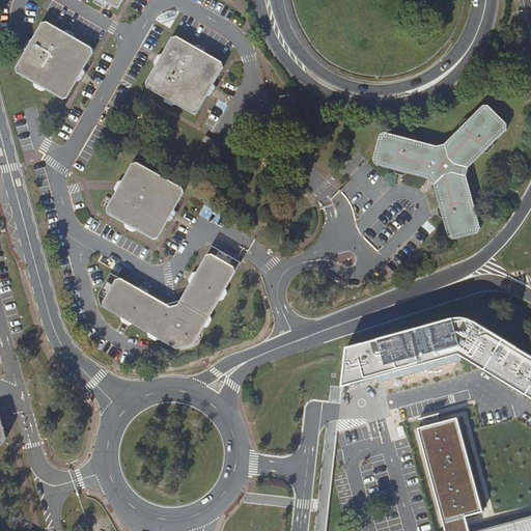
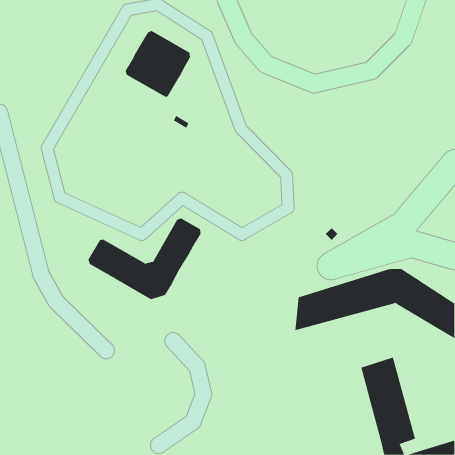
building: [15,21,92,99] -> none
building: [372,105,506,239] -> none
building: [106,162,183,239] -> none

